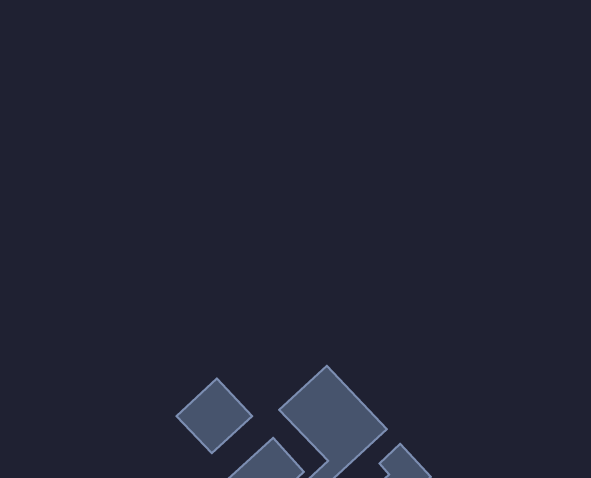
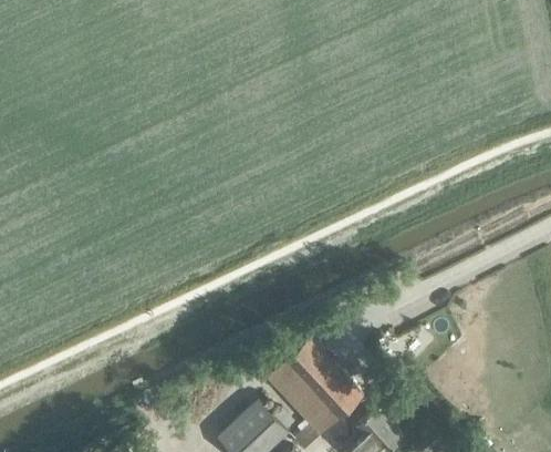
building: [177,378,252,453] -> none

